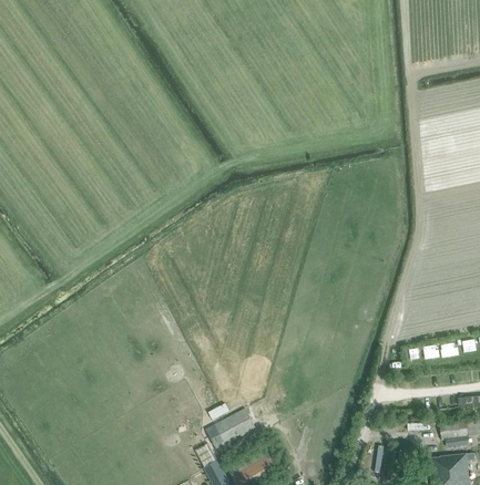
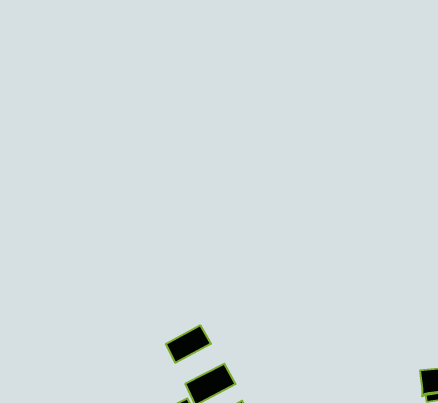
building: none -> [166,325,211,363]

